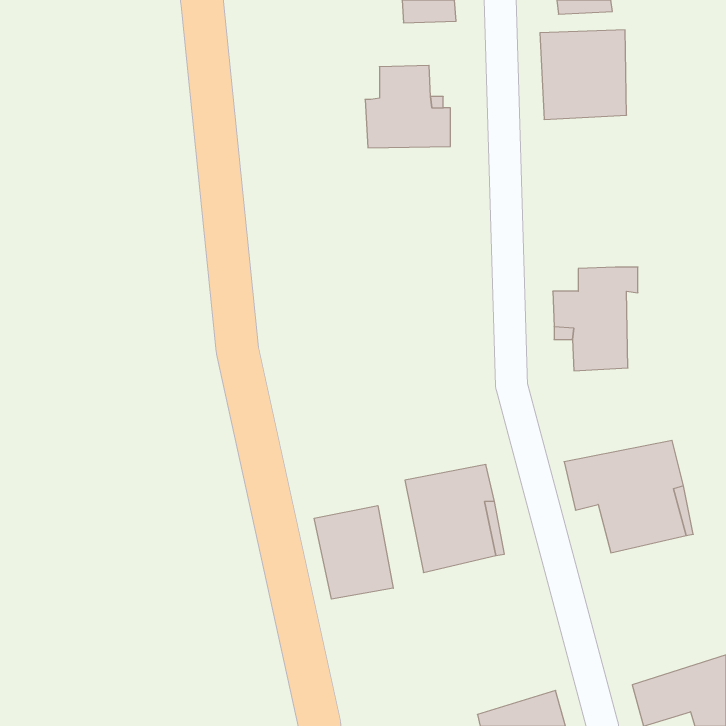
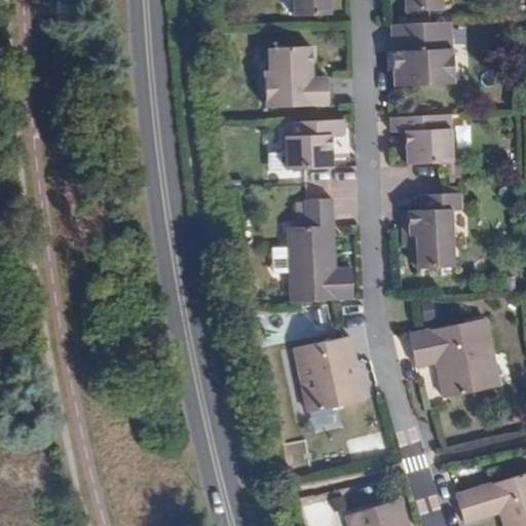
building: none -> [390,114,452,164]
building: none -> [284,119,346,170]
building: none -> [285,198,352,302]
building: [314,506,393,599] -> none

